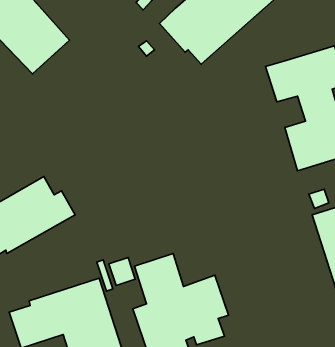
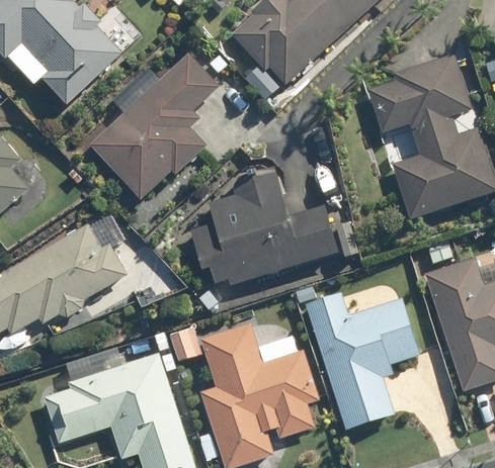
building: none -> [86,57,214,201]
building: none -> [190,167,337,282]
building: none -> [308,293,421,428]

